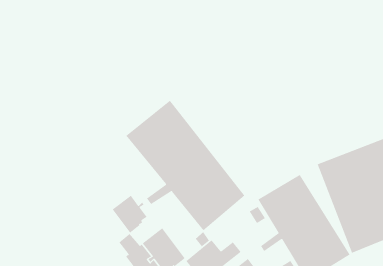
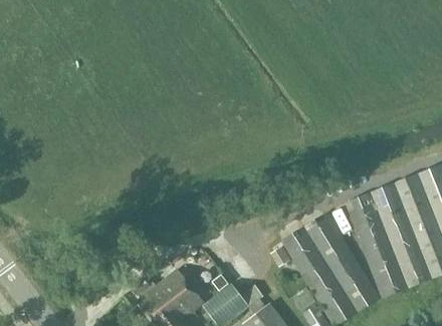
building: [126,100,245,231] -> none
building: [112,195,148,233] -> none

